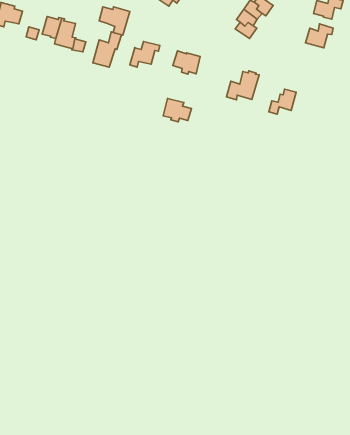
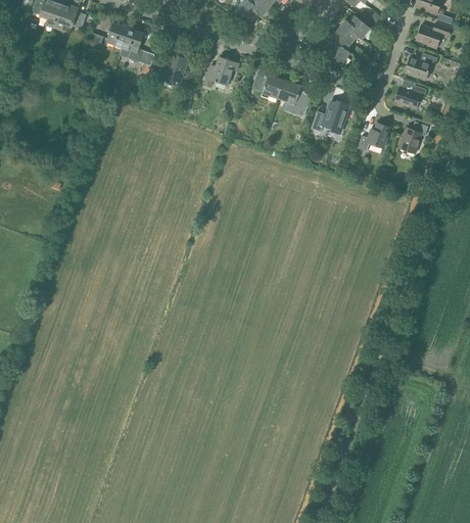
building: [99,7,130,35] -> none
building: none -> [394,85,426,108]
building: none -> [398,122,428,153]
building: [163,98,192,122] -> [278,80,311,107]

